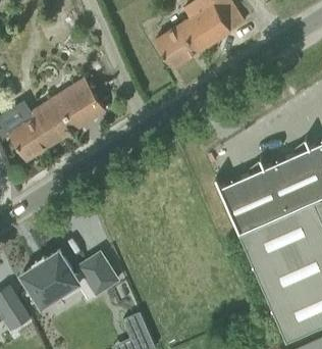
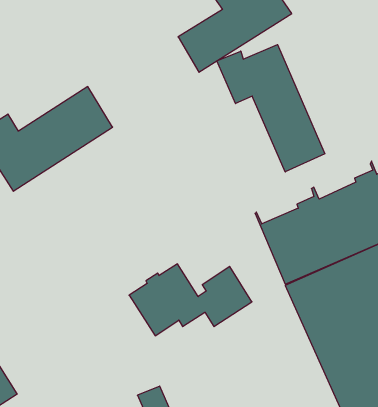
building: none -> [217,45,325,172]
building: [20,252,116,308] -> [129,264,252,336]

